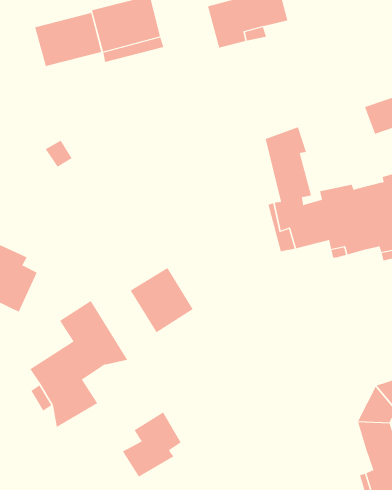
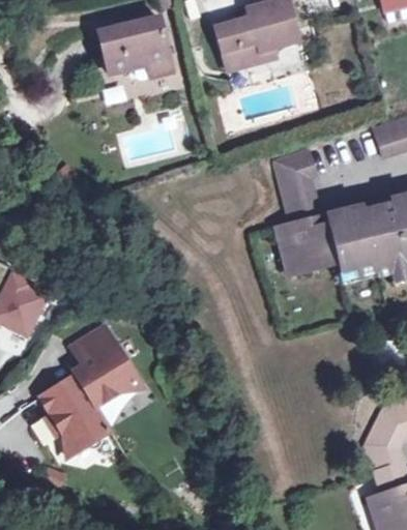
building: [34,12,102,67] -> none
building: [130,267,194,333] -> none
building: [122,412,182,478] -> none

